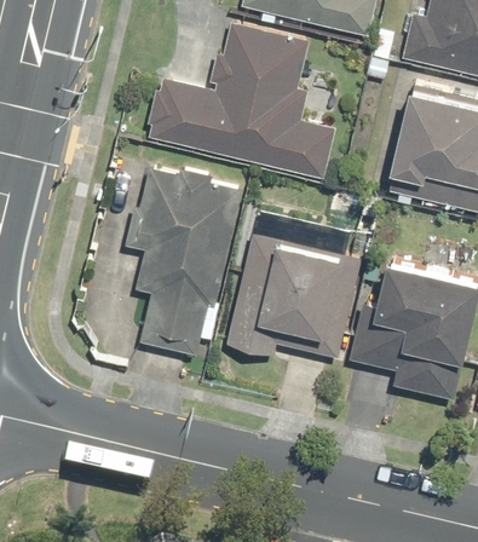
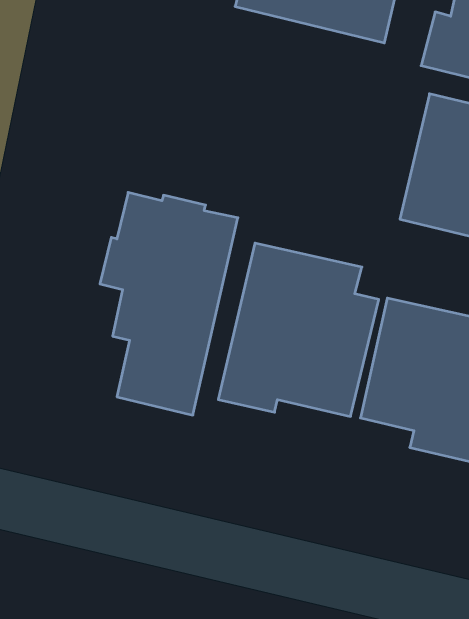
building: [146,23,336,180] -> none

